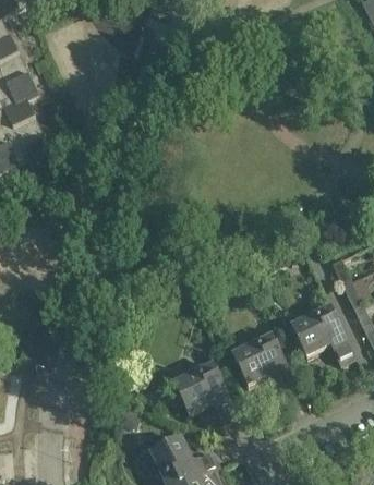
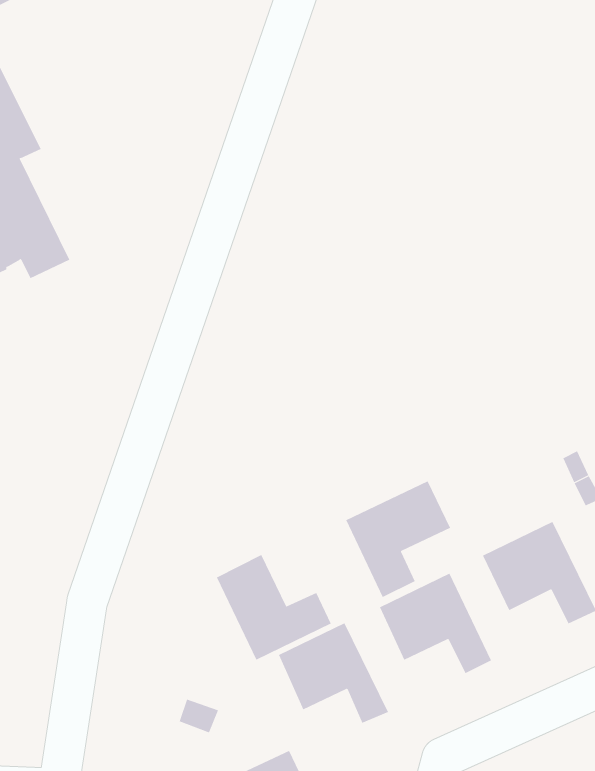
building: none -> [345,480,451,598]
building: none -> [216,554,332,660]

